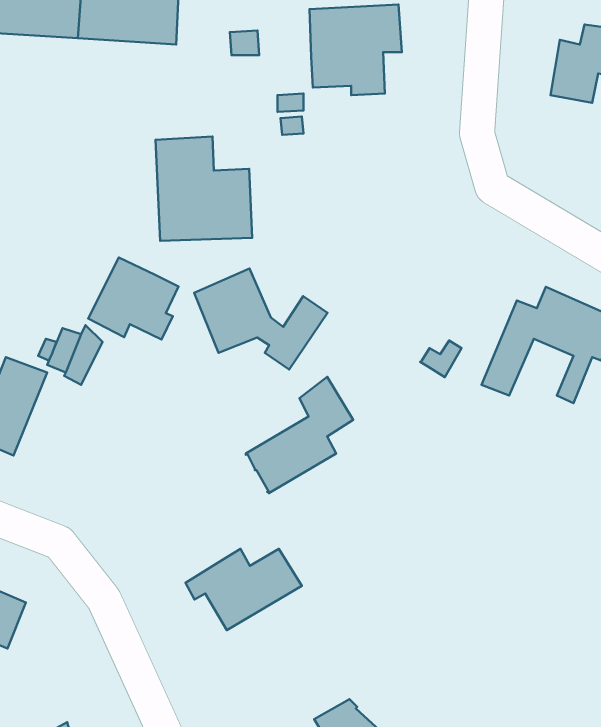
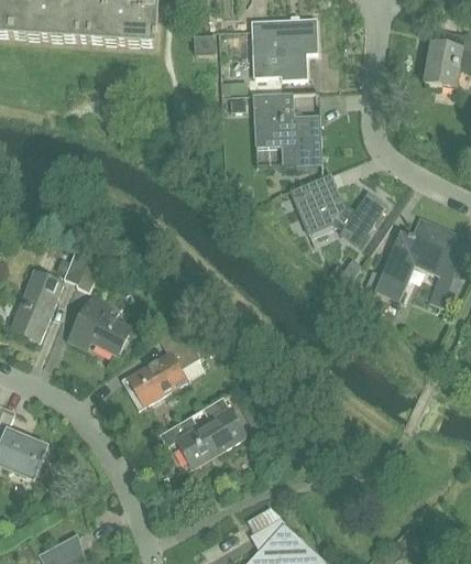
building: [156,137,252,241] -> [252,91,321,166]
building: [88,257,179,340] -> none
building: [194,268,328,370] -> [289,172,385,245]
building: [246,377,353,493] -> [121,325,198,409]
building: none -> [68,297,131,355]

